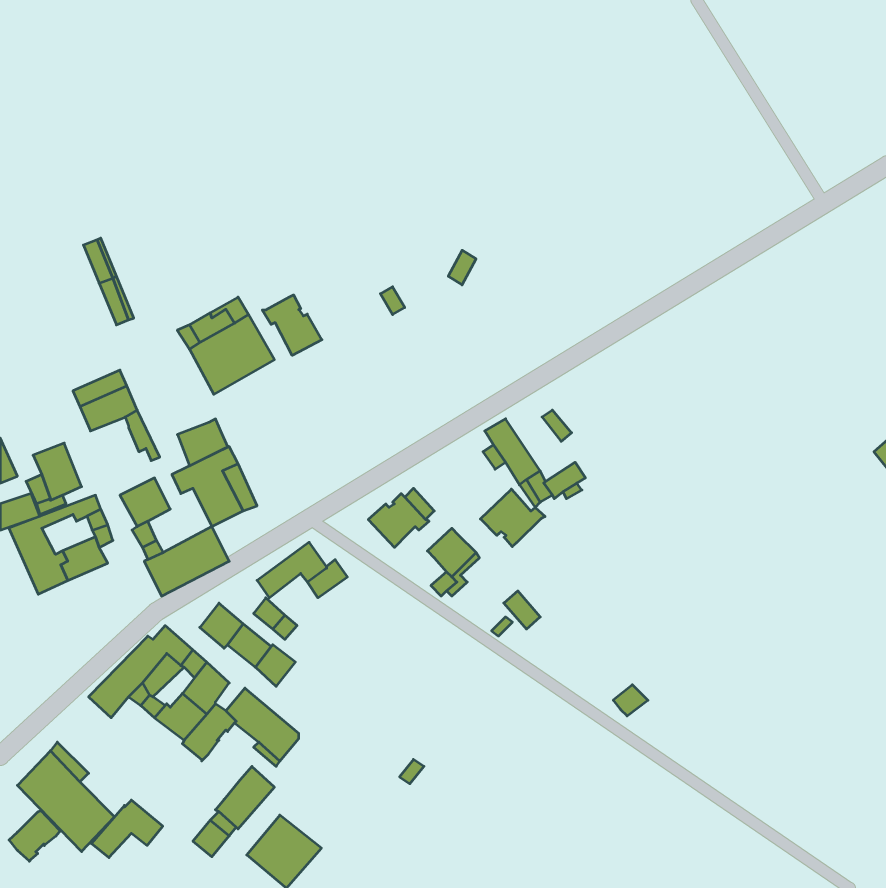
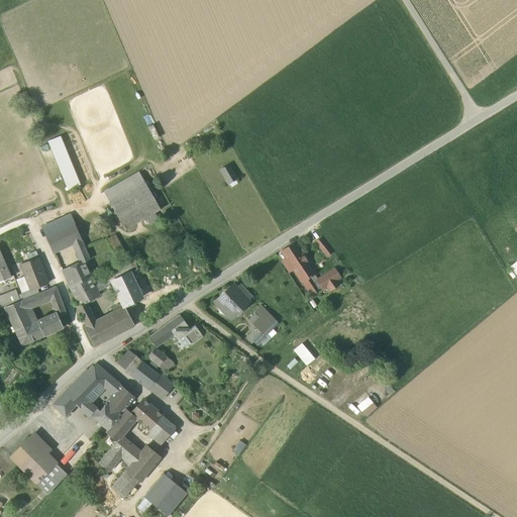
building: [262,295,322,355] -> none
building: [177,419,228,466] -> [64,261,93,288]
building: [480,489,545,547] -> none
building: [91,800,163,858] -> [99,438,140,472]
building: [9,810,61,861] -> none

